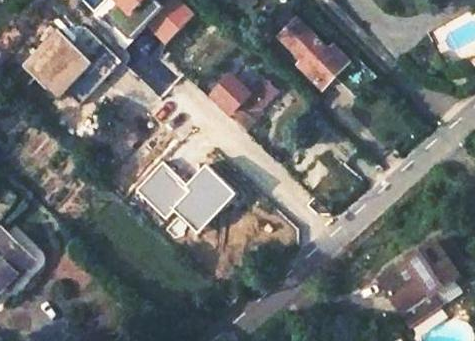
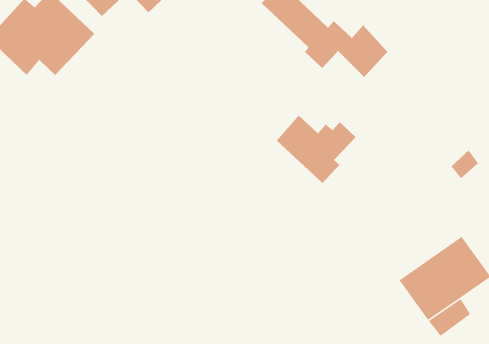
building: [206,70,277,131] -> [276,114,356,184]
building: [134,160,235,232] -> none

